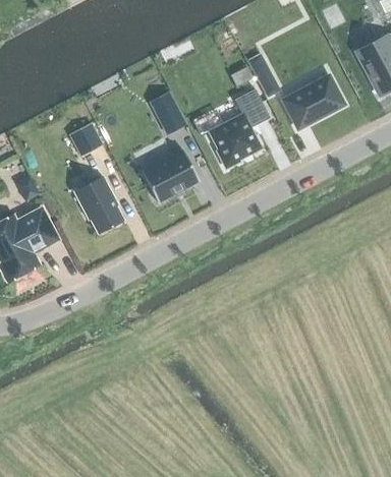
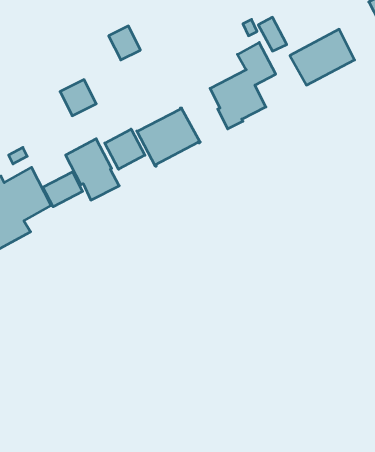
building: [156,102,185,133] -> [109,26,140,60]
building: none -> [105,129,145,169]
building: none -> [43,172,83,207]

